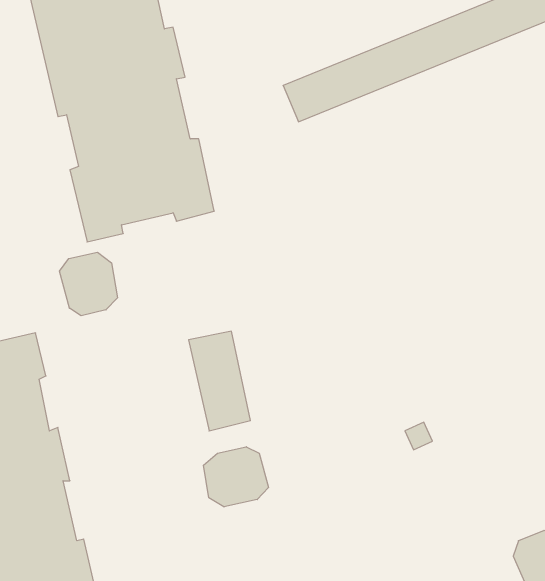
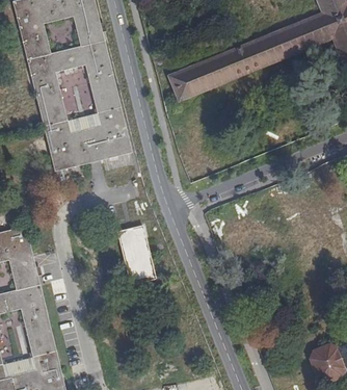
building: [60,252,118,316] -> none
building: [204,447,268,507] -> none

